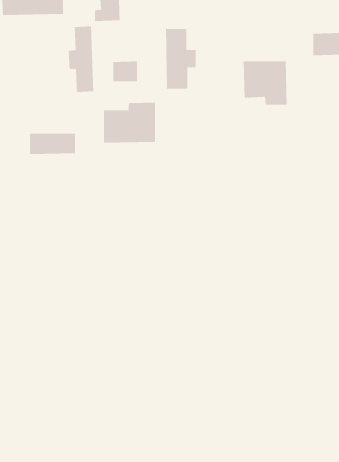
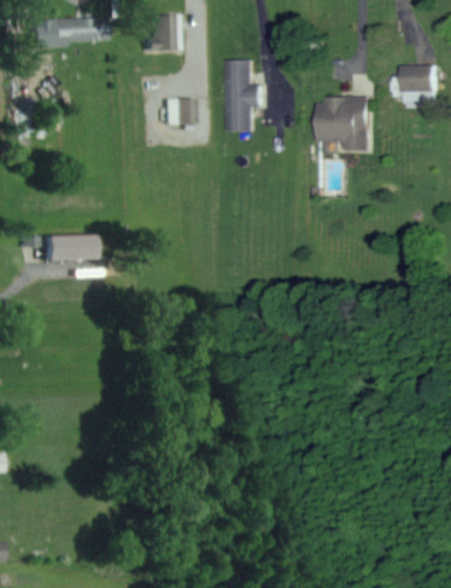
building: [68,25,94,93] -> none
building: [103,102,155,143] -> none
building: [29,133,76,154] -> [40,235,95,260]

